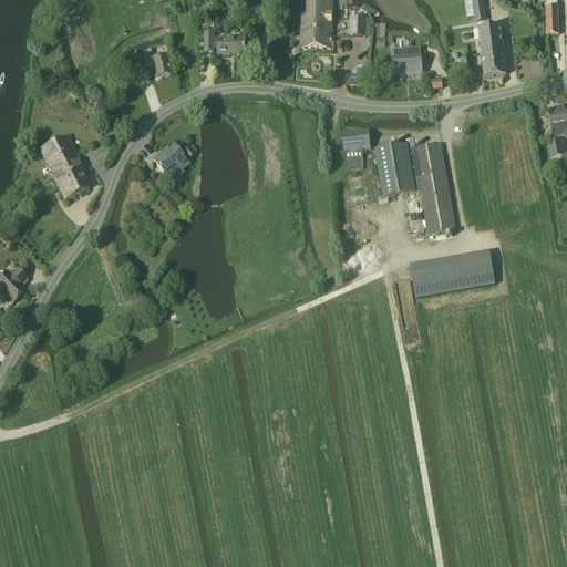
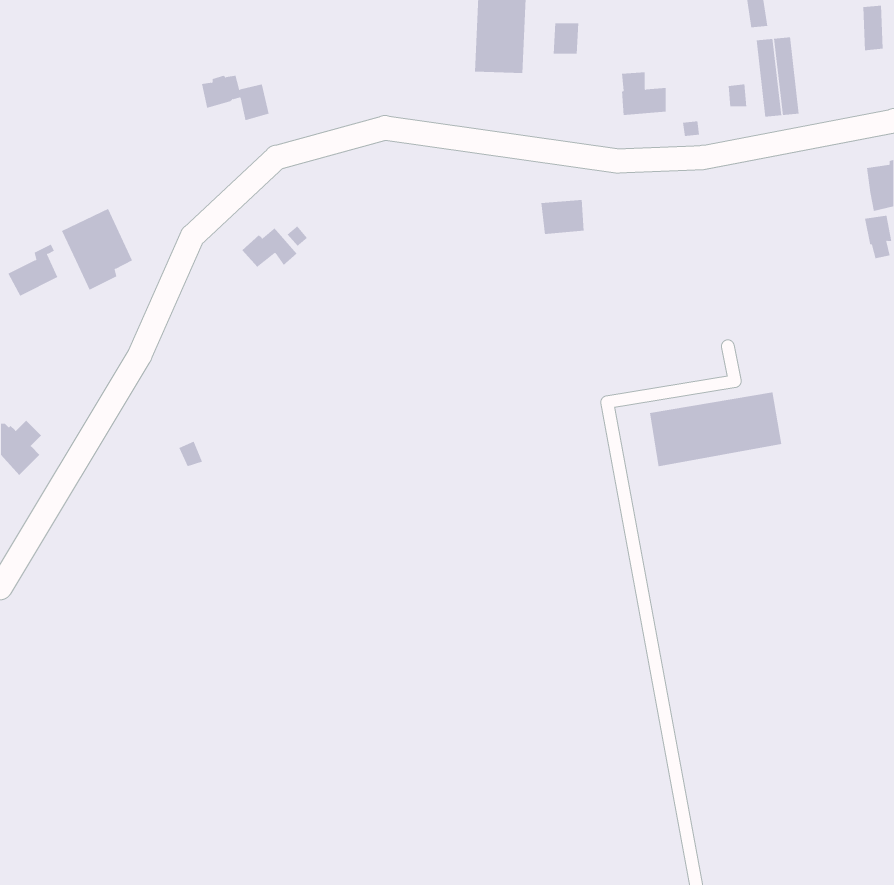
building: [204,30,246,52] -> none
building: [375,134,456,233] -> none
building: [56,165,89,198] -> [8,244,58,296]

